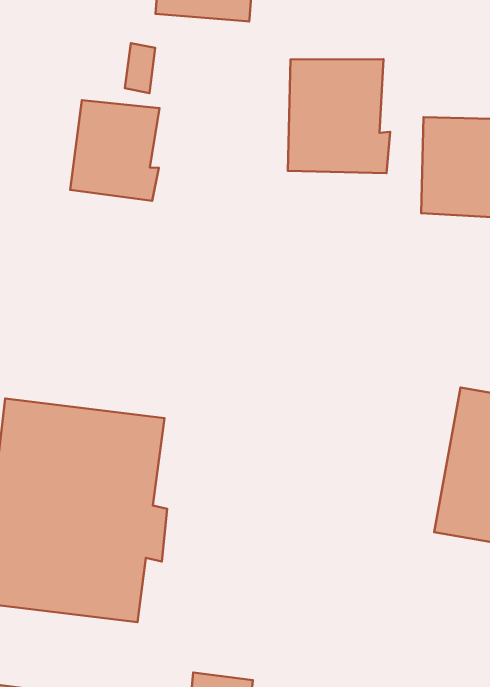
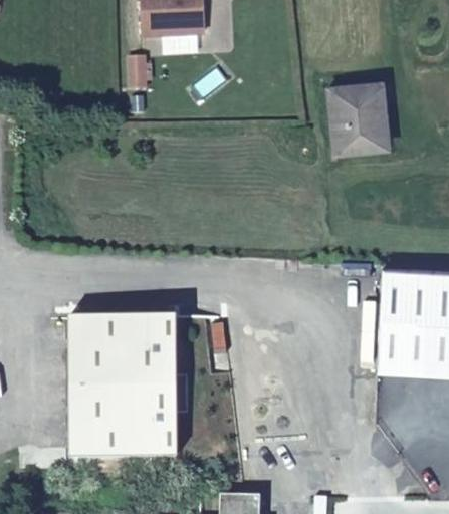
building: [288,59,390,173] -> none
building: [70,100,160,201] -> none

